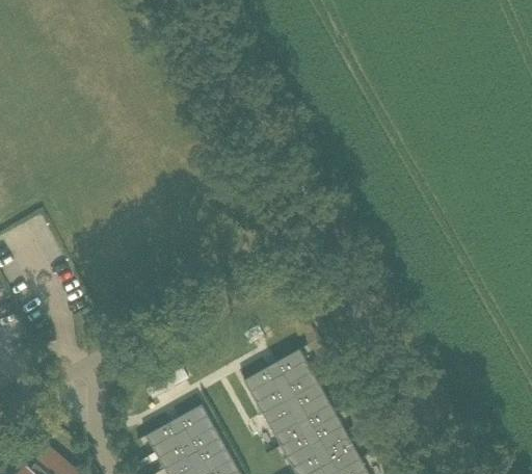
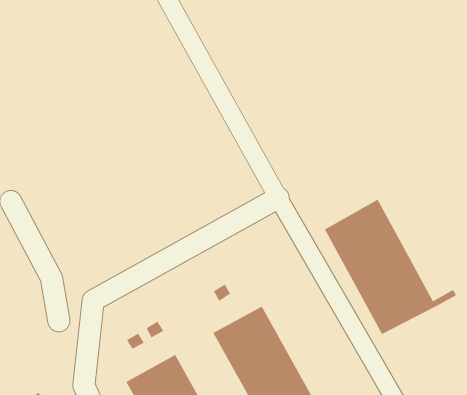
building: none -> [324,199,457,335]

